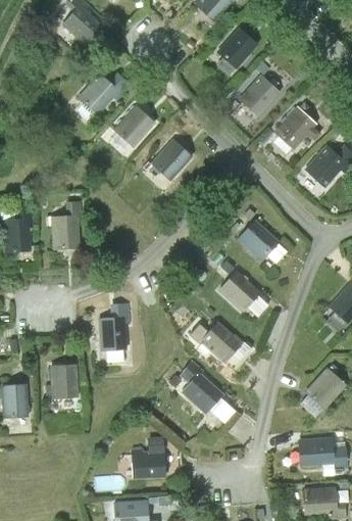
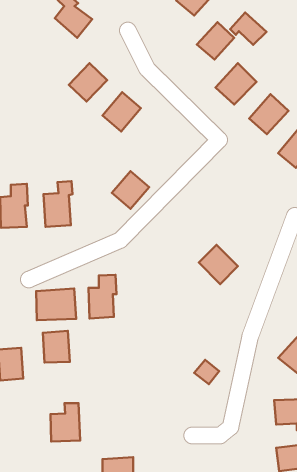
building: none -> [230,13,266,45]
building: [151,139,192,180] -> [112,171,149,209]
building: [237,218,280,260] -> none
building: none -> [36,289,76,320]
building: [200,321,243,363] -> none
building: [183,361,224,415] -> none
building: [133,438,165,480] -> [50,403,80,441]

